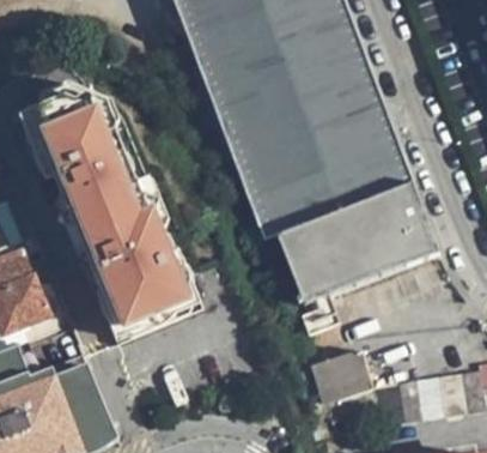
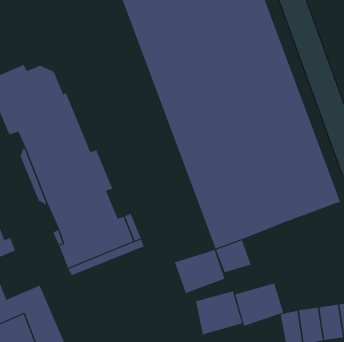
building: none -> [174,249,225,294]
building: none -> [195,291,243,335]

